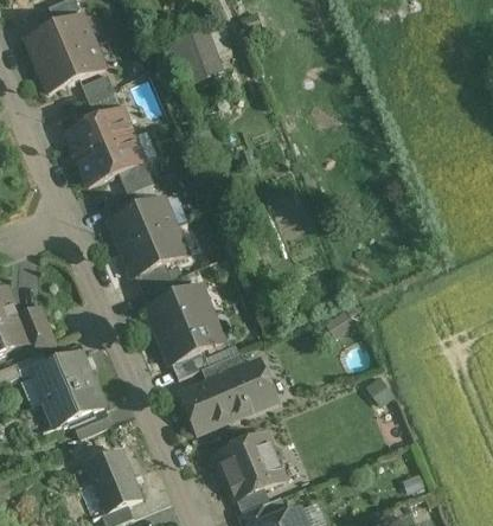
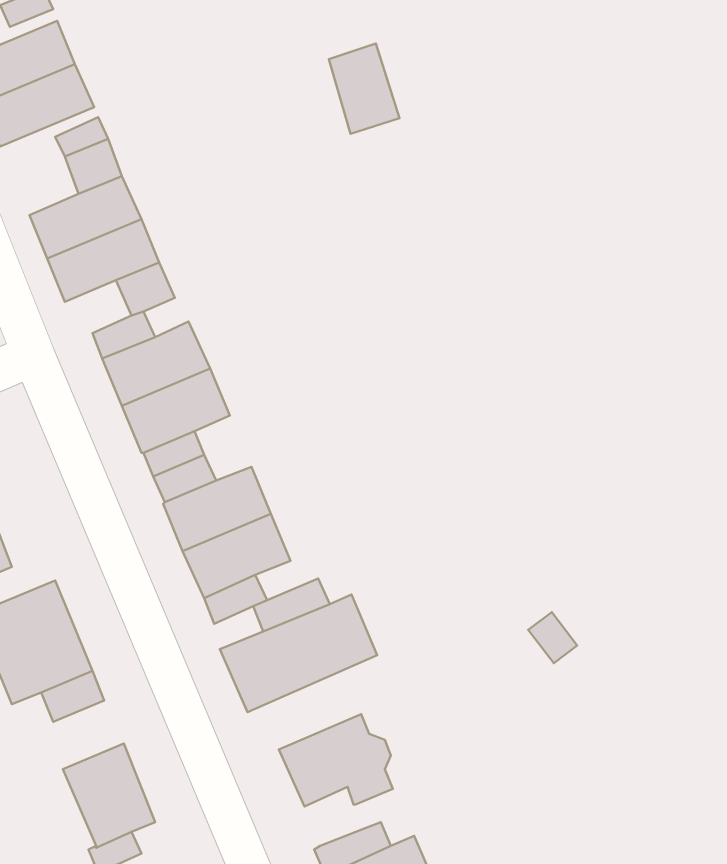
building: [181,24,224,78] -> [329,44,399,134]
building: [232,476,269,512] -> none

